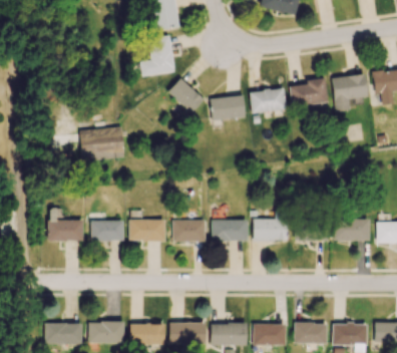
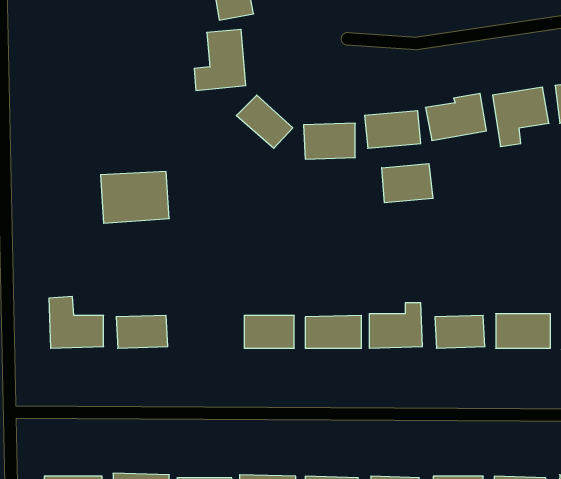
building: none -> [382,164,433,203]
building: [130,220,165,241] -> none

